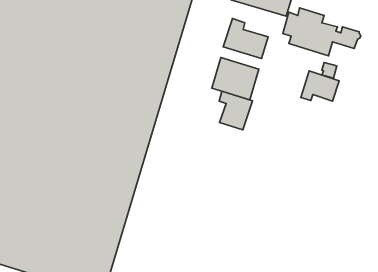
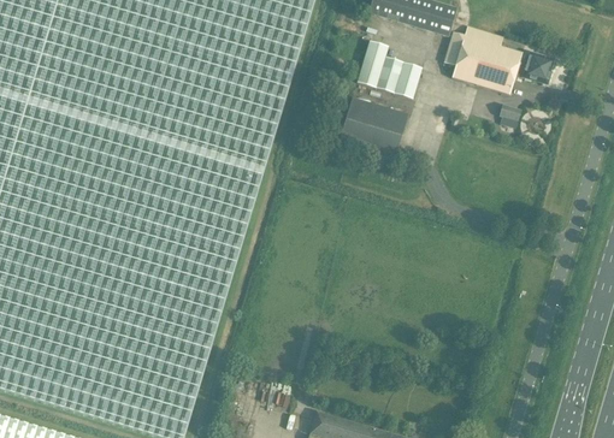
building: [301,71,339,101] -> none
building: [219,91,253,130] -> none

